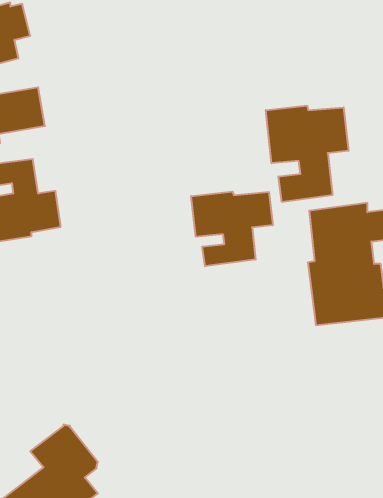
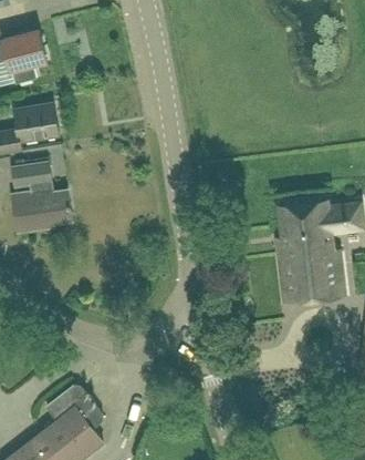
building: [266,106,348,202] -> none
building: [191,192,273,266] -> none

